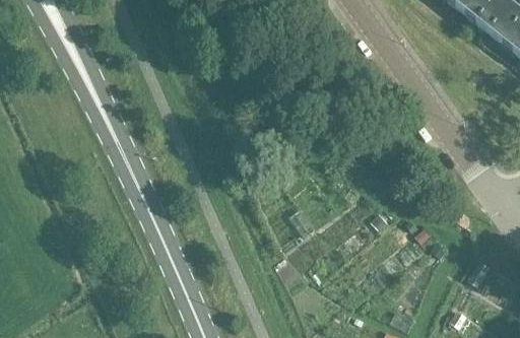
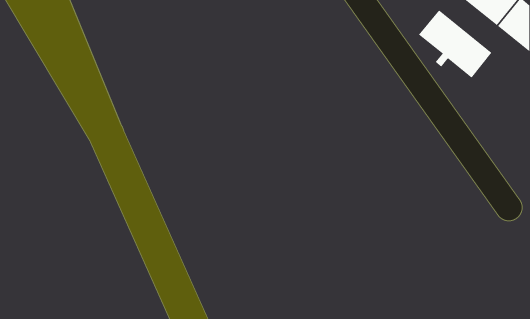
building: none -> [418,10,492,78]

